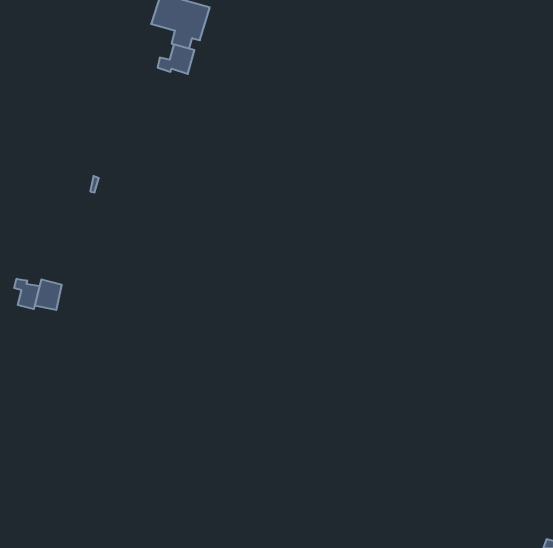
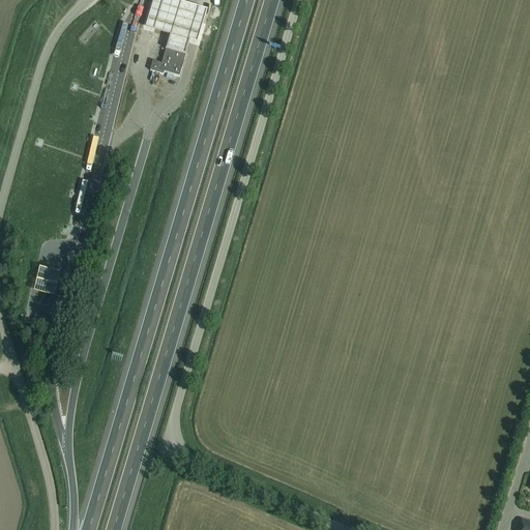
building: [14,279,40,309] -> none

